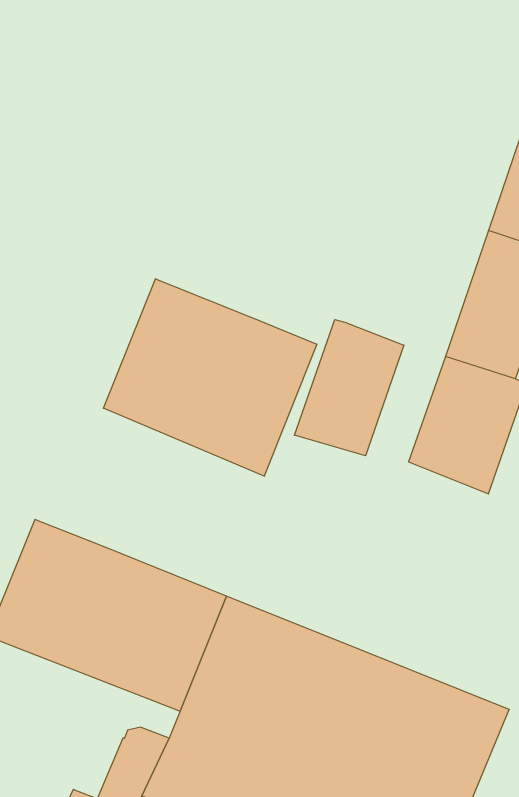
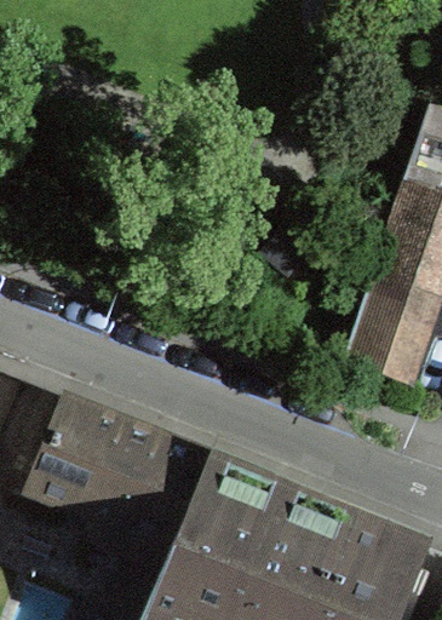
building: [103,279,317,476] -> none
building: [294,320,404,456] -> none

